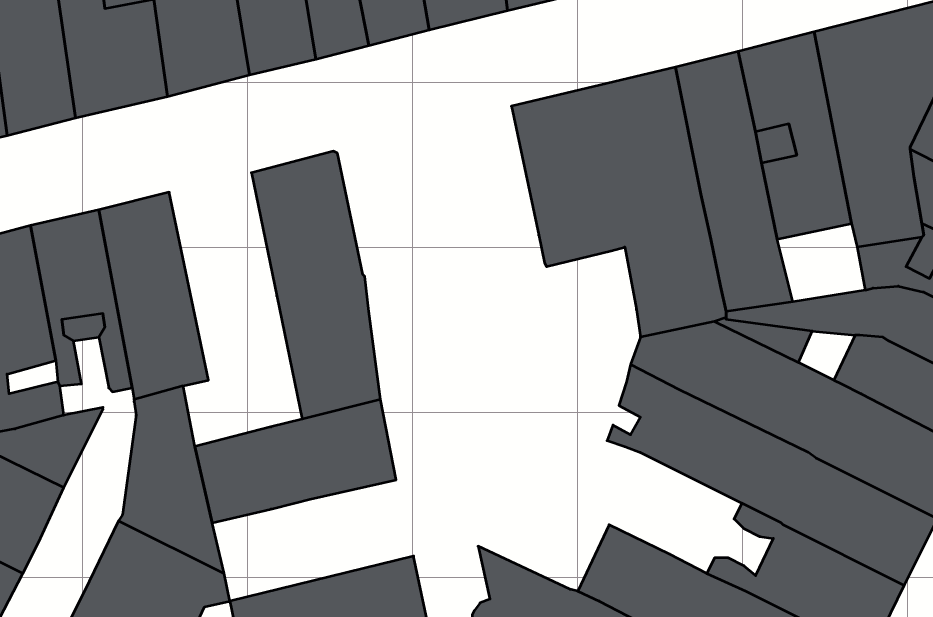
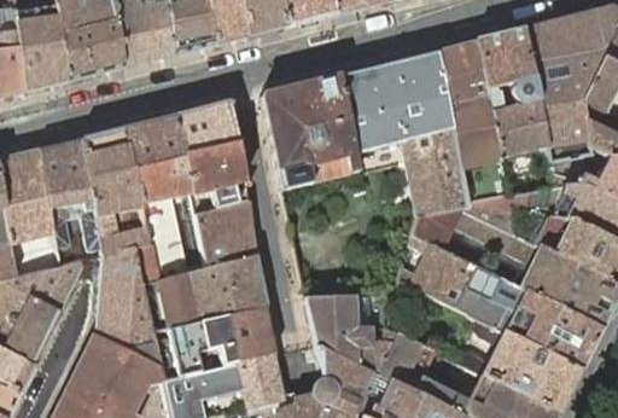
building: none -> [262,74,357,190]
building: none -> [126,115,192,284]
building: none -> [305,294,397,373]
building: none -> [203,304,276,364]
building: none -> [152,323,200,379]

